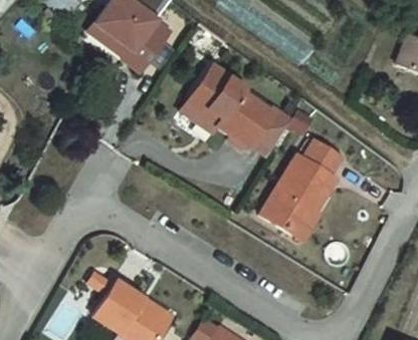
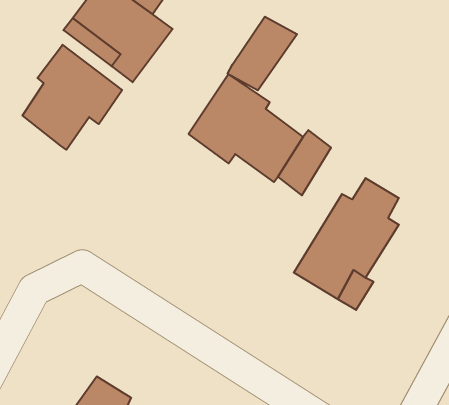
building: none -> [228,17,297,90]
building: none -> [22,45,122,150]

